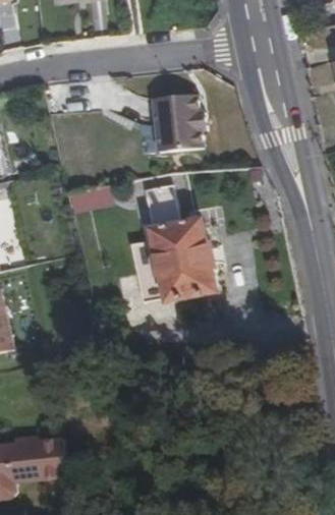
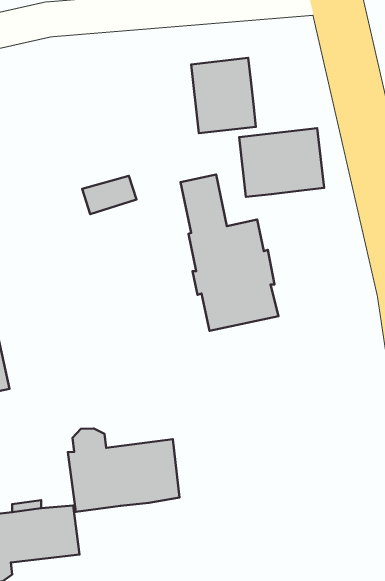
building: none -> [239,128,324,197]
building: none -> [68,428,179,512]

